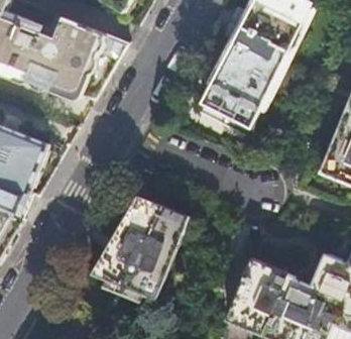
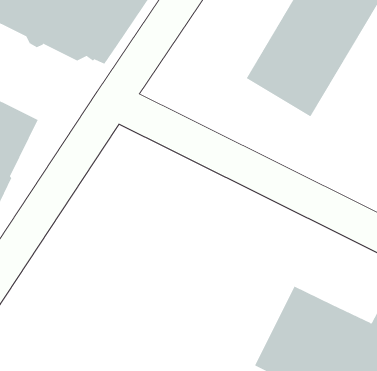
building: [92,195,189,299] -> none

